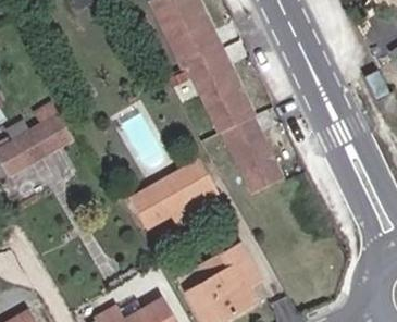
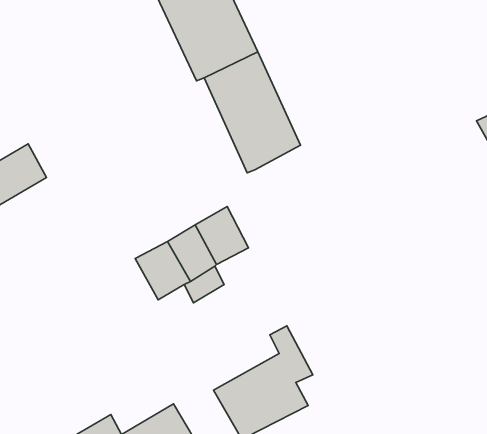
building: [218,115,280,194] -> none

